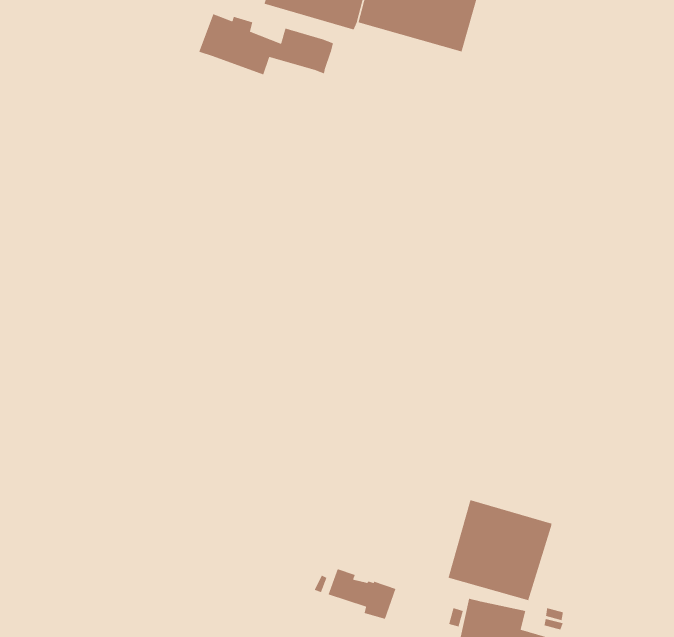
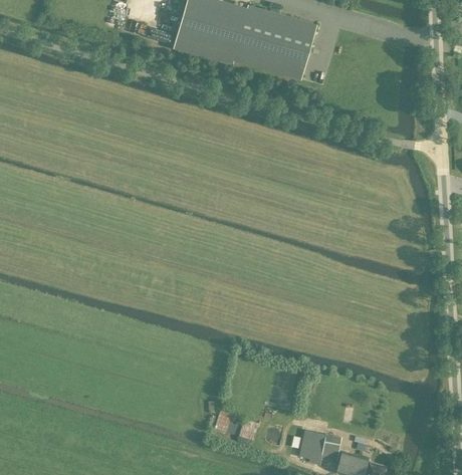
building: [198,13,334,75] -> none
building: [447,499,552,601] -> none

